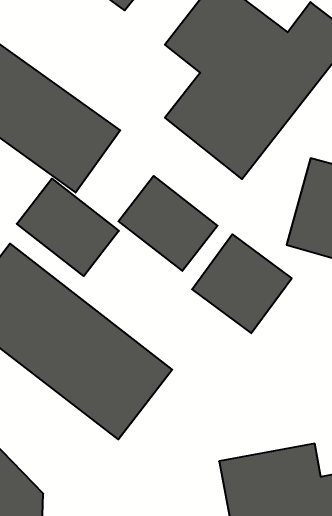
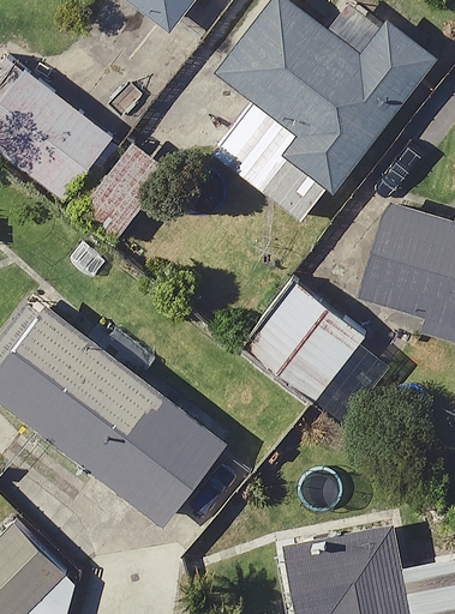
building: [118,176,218,271] -> none
building: [17,179,119,276] -> none

